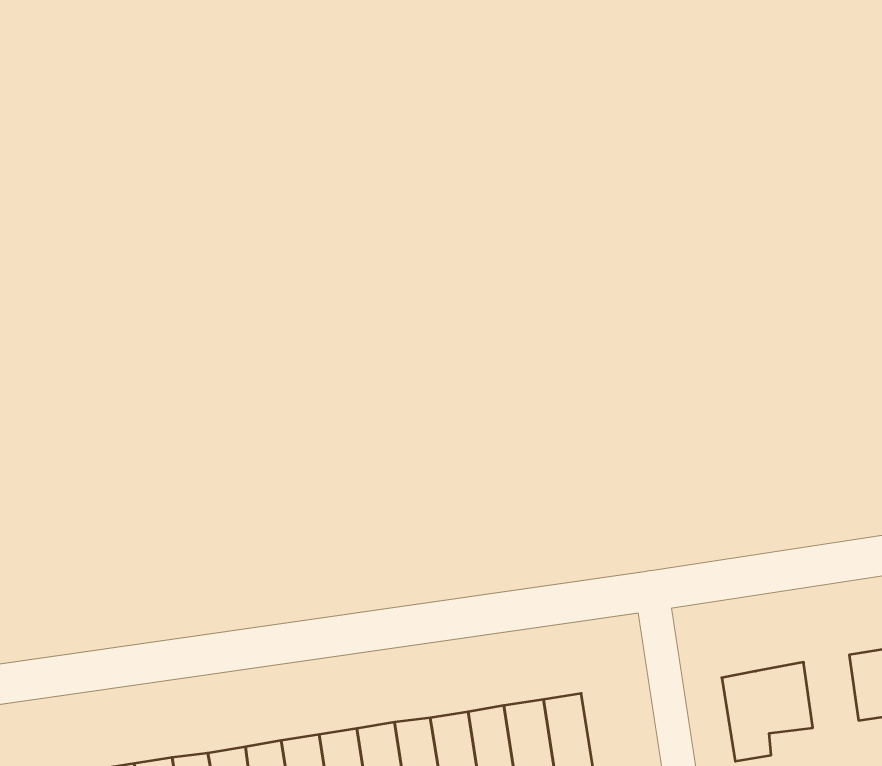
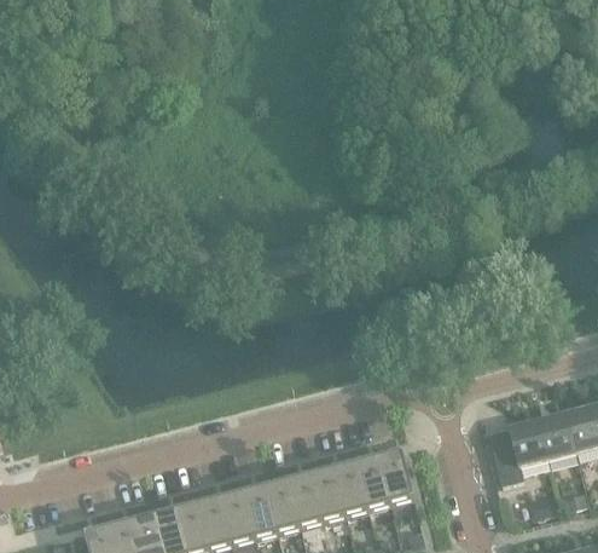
building: none -> [536,409,574,456]

